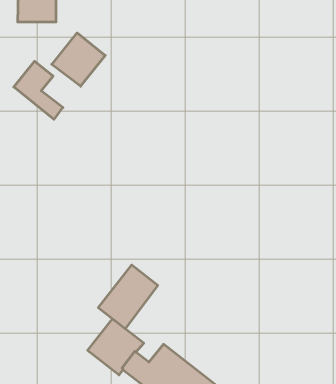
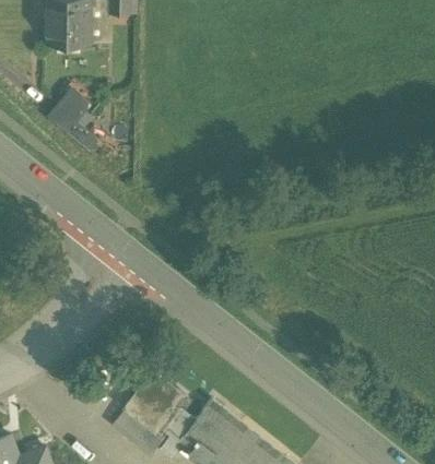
building: [52,33,105,86] -> none
building: [98,265,158,329] -> none

